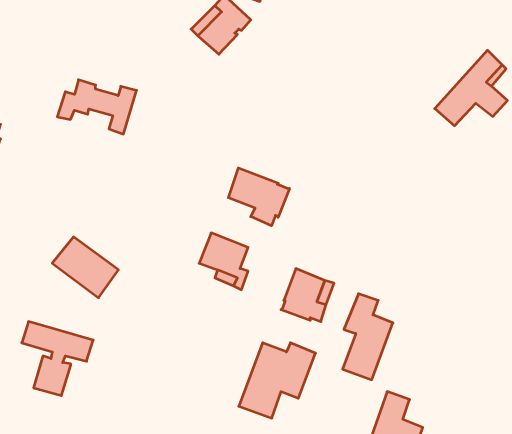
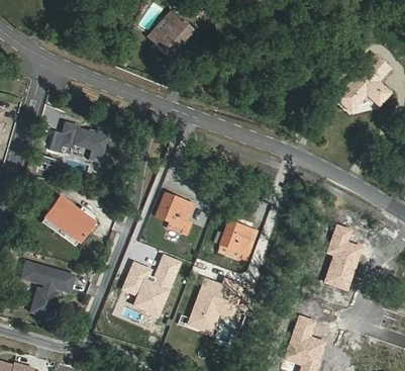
building: [57,80,137,134] -> [49,122,110,164]
building: [228,168,289,226] -> none
building: [343,294,393,380] -> [324,224,363,290]
building: none -> [122,254,182,316]

